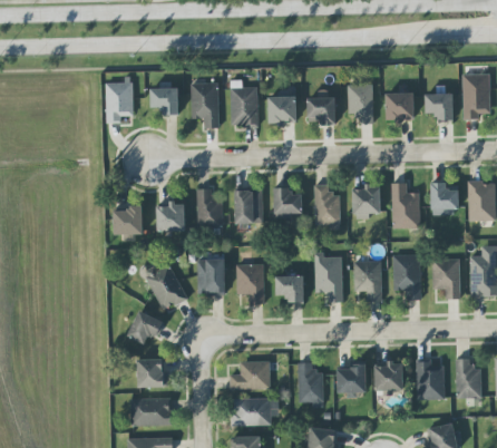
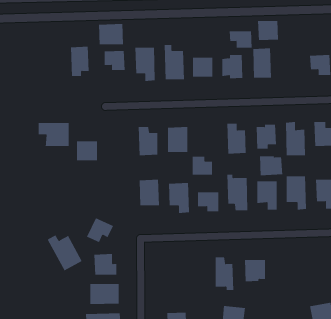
building: none -> [98,23,124,45]
building: none -> [229,30,252,49]
building: [386,92,415,119] -> [257,21,279,41]
building: none -> [38,122,69,147]
building: [274,187,302,213] -> [192,156,213,175]
building: [156,203,186,231] -> none
building: none -> [259,155,283,176]
building: [140,262,188,311] -> [47,234,83,271]
building: [231,361,271,389] -> none
building: [417,361,445,399] -> none
building: [374,362,403,390] -> none
building: [233,398,279,426] -> none

